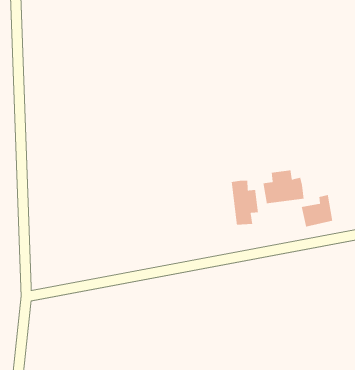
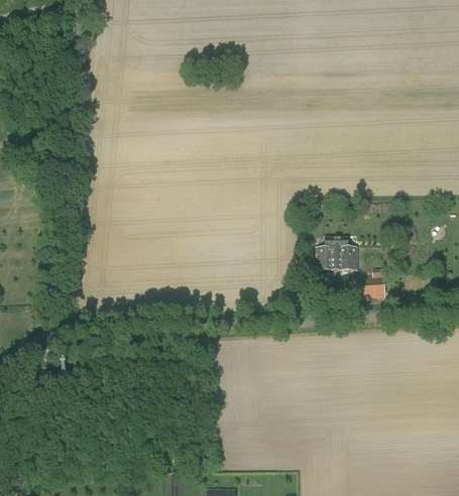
building: [231,180,259,225] -> none

